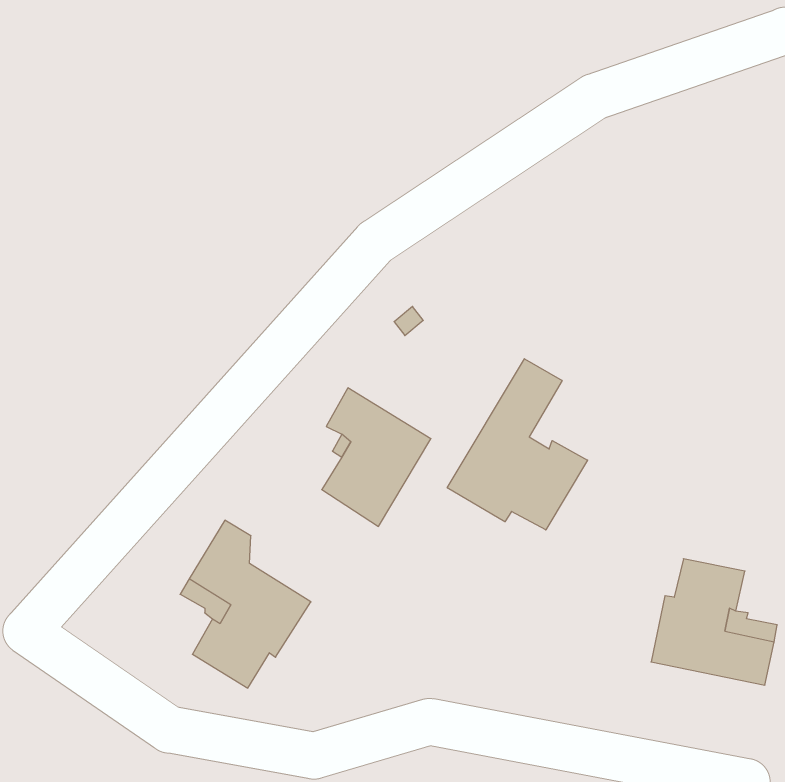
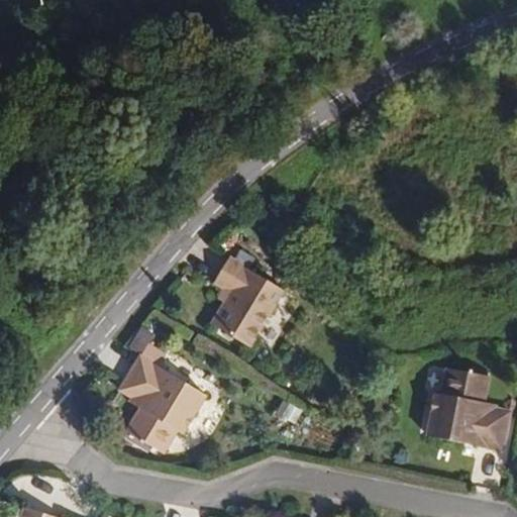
building: [447,359,588,530] -> none

